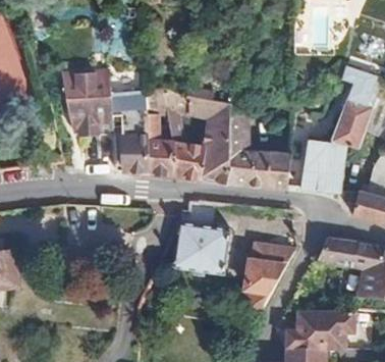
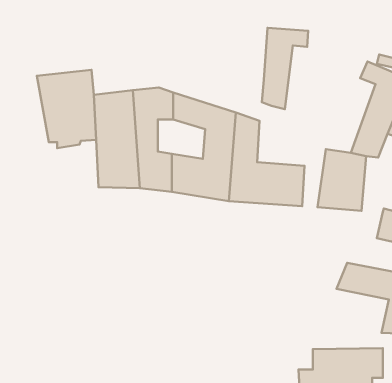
building: none -> [262,28,308,109]
building: [169,222,228,275] -> none
building: [246,246,294,313] -> none

